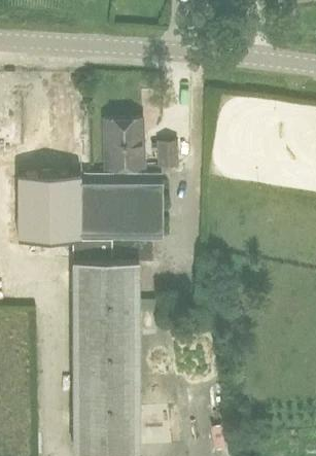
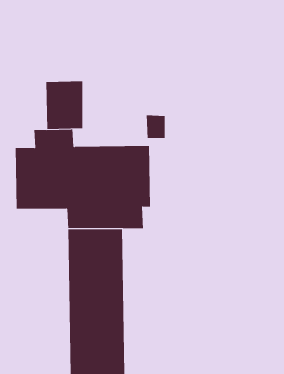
building: [103,117,142,168] -> [46,81,83,129]

